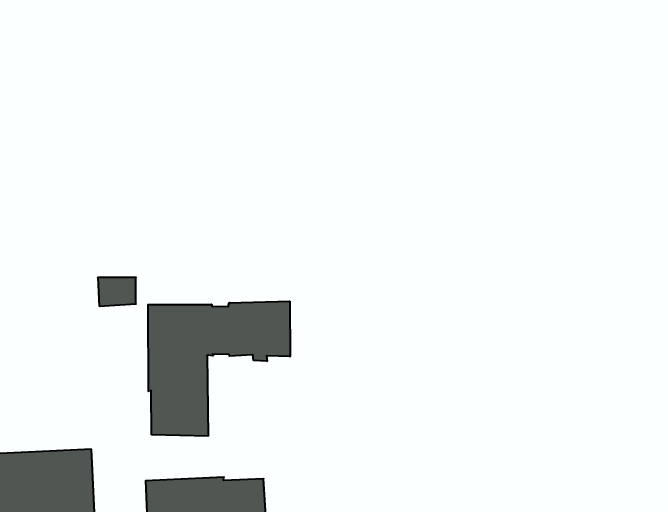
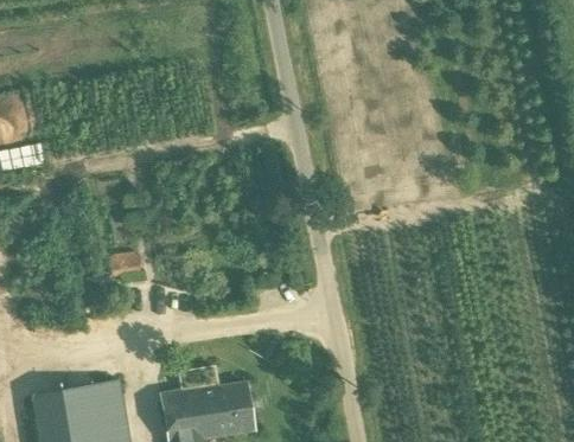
building: [148,301,290,436] -> none

